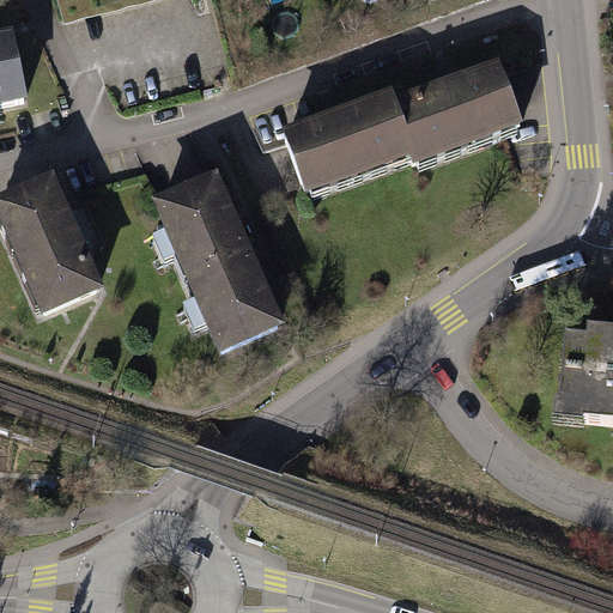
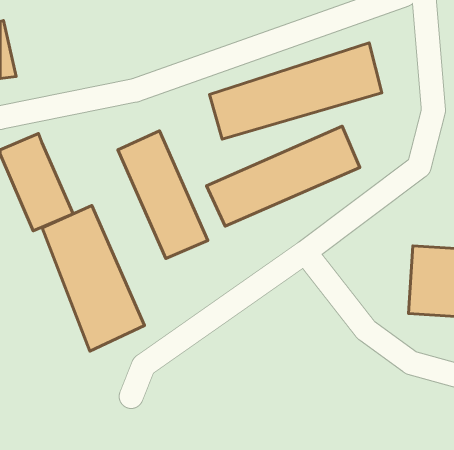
building: none -> [207,126,360,226]
building: none -> [42,206,144,351]

